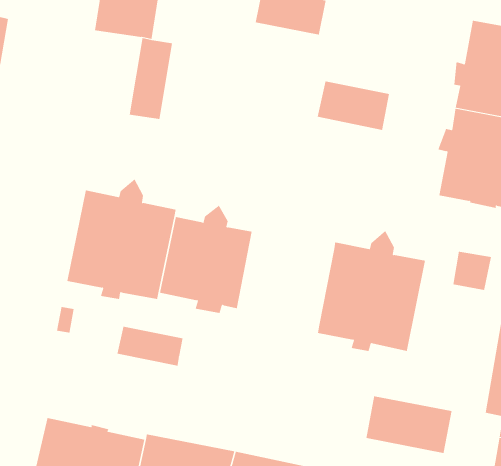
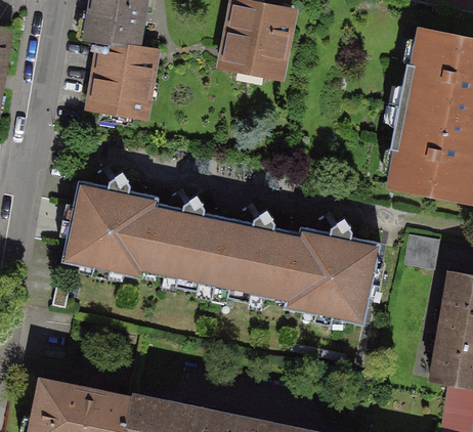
building: none -> [89,42,128,115]
building: [317,81,390,131] -> [221,33,286,77]
building: none -> [213,209,298,302]
building: [117,326,183,367] -> none
building: [366,395,452,454] -> none

